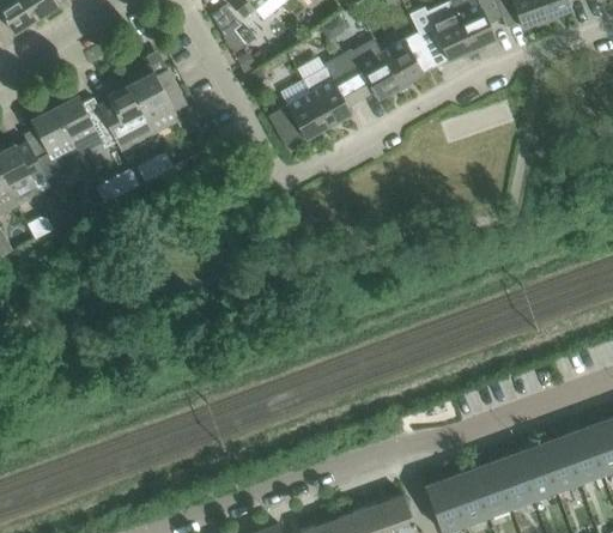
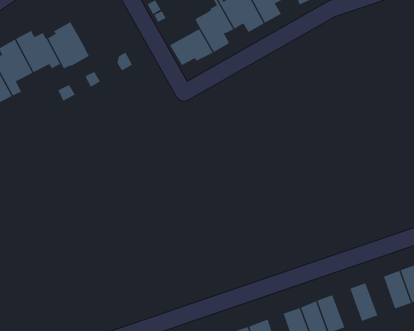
building: [128,65,187,132] -> none
building: [540,436,579,490] -> none
building: [494,453,534,507] -> none

